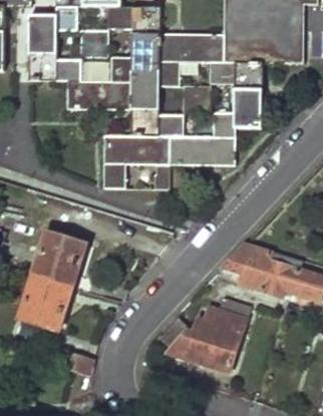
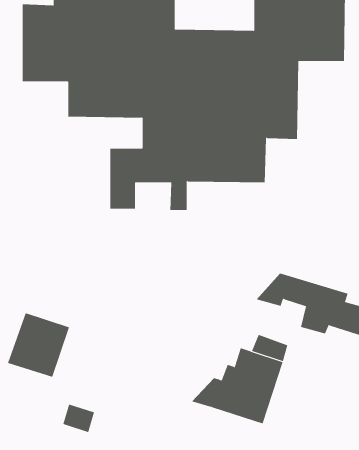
building: [32,231,85,289] -> none

